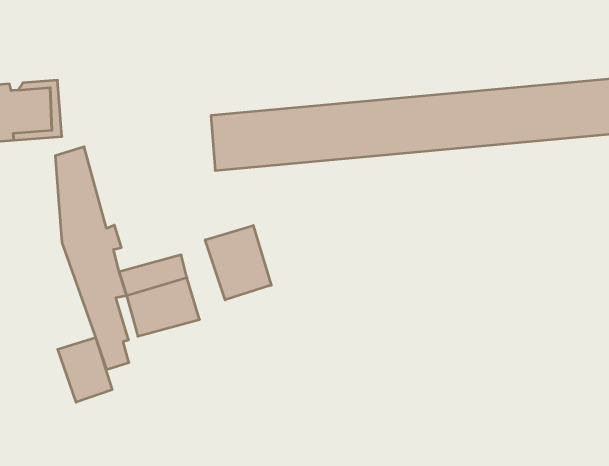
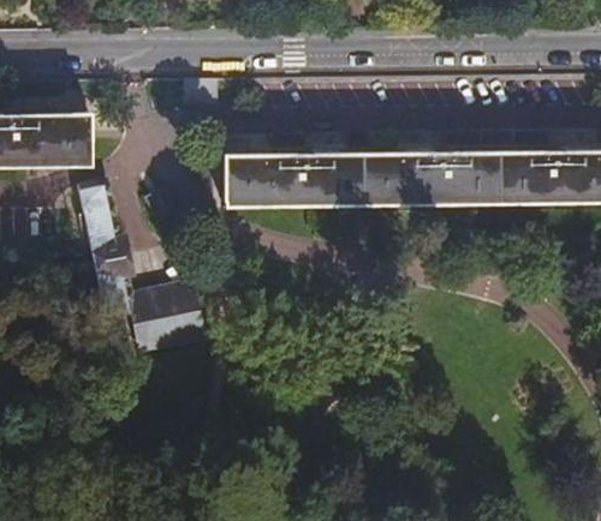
building: [205,225,271,300] -> none
building: [58,337,112,402] -> none

